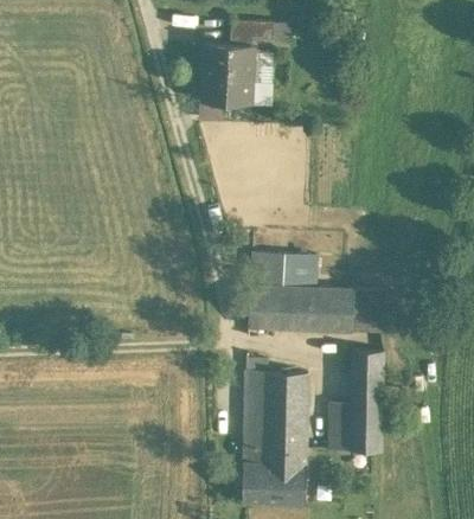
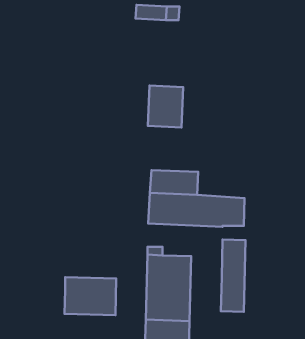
building: [203,44,252,103] -> [148,85,183,128]
building: none -> [65,277,116,315]
building: [328,403,351,450] -> none

